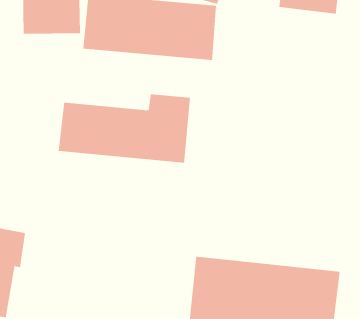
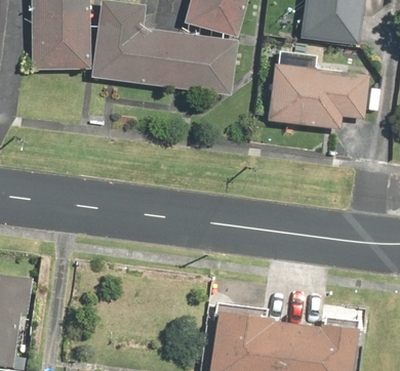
building: none -> [271,65,372,130]
building: [58,93,191,163] -> none

